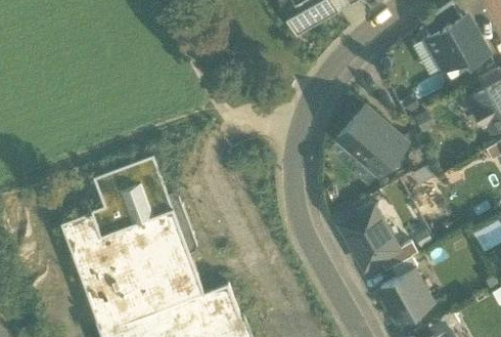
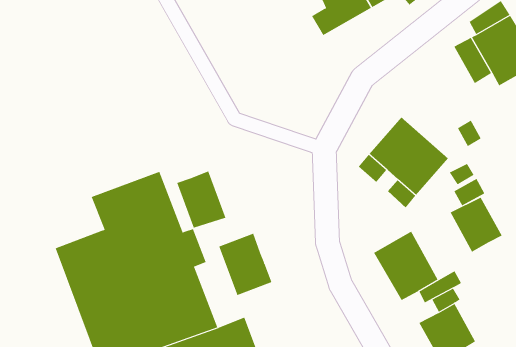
building: none -> [176,170,226,228]
building: none -> [450,197,502,253]
building: none -> [218,233,272,296]

